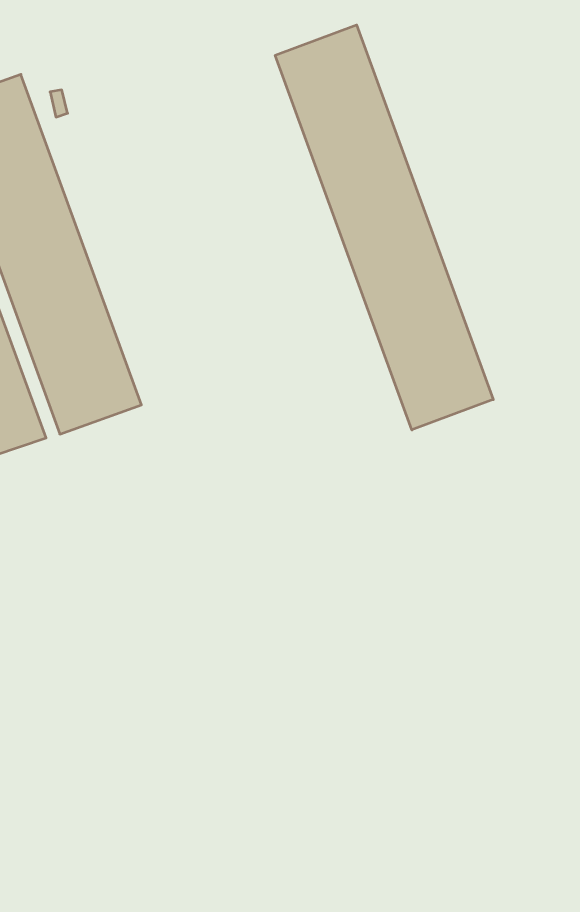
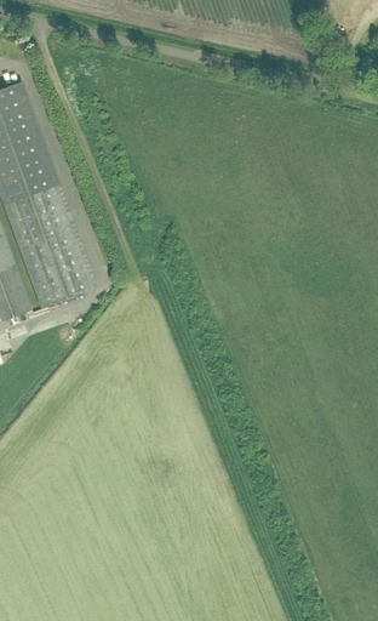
building: [275,25,493,430] -> none

